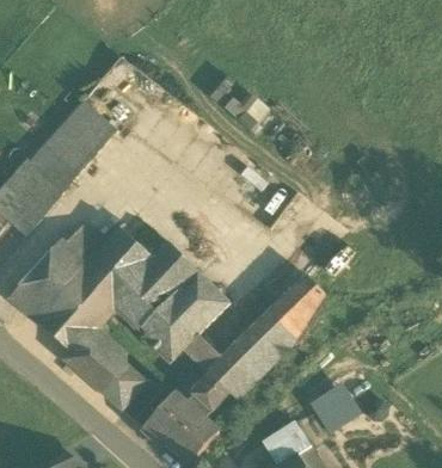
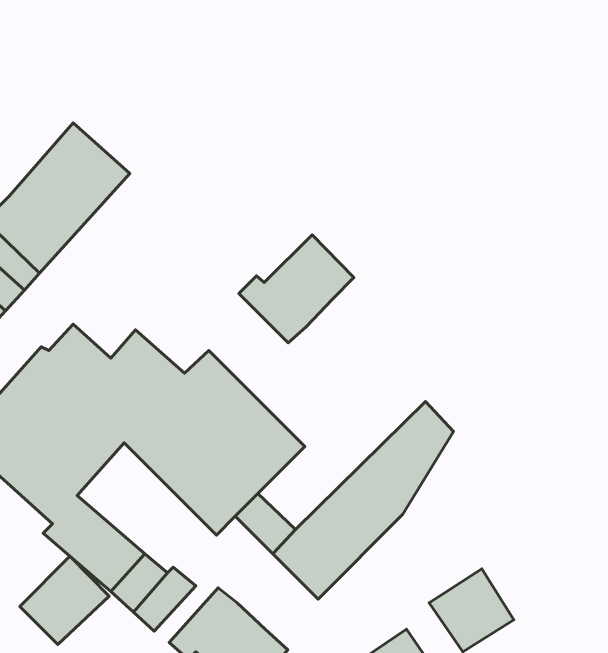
building: none -> [239,235,354,343]
building: none -> [20,556,109,644]
building: [185,374,228,419] -> none

